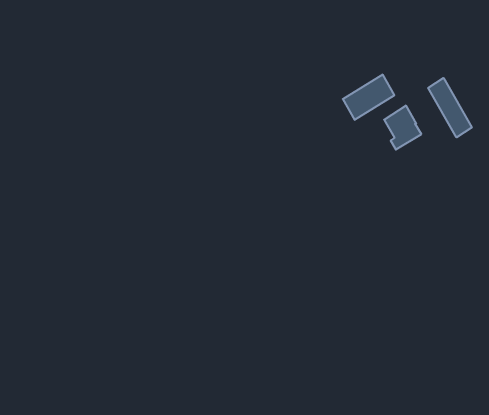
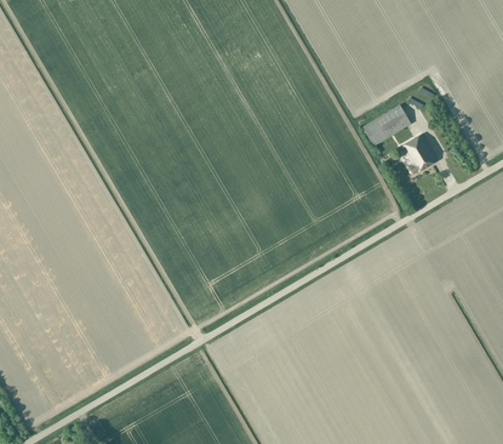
building: [428,78,472,137] -> none

